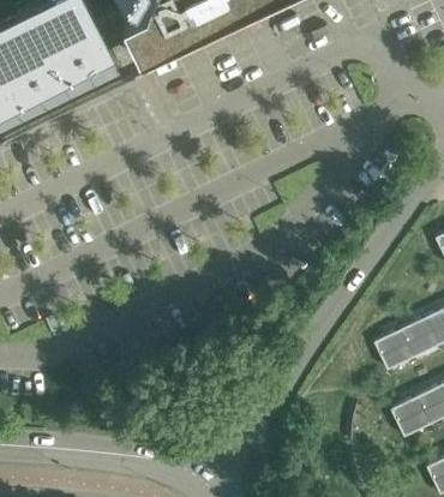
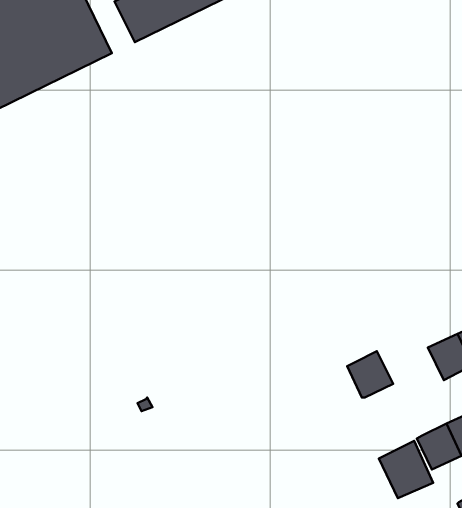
building: [373,333,414,373] -> [347,351,393,397]
building: none -> [379,441,433,498]

